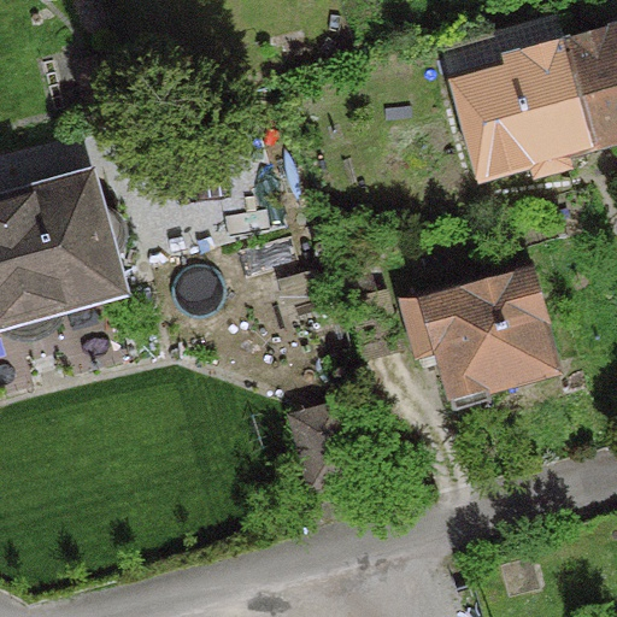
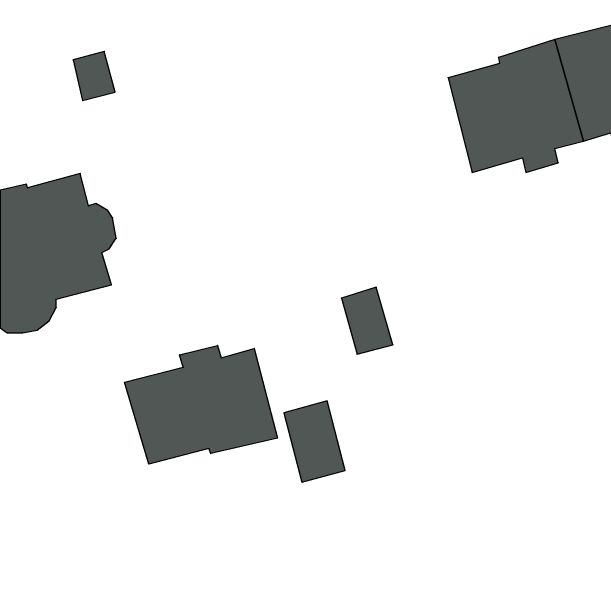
building: [399,265,548,407] -> none
building: none -> [125,345,278,464]

